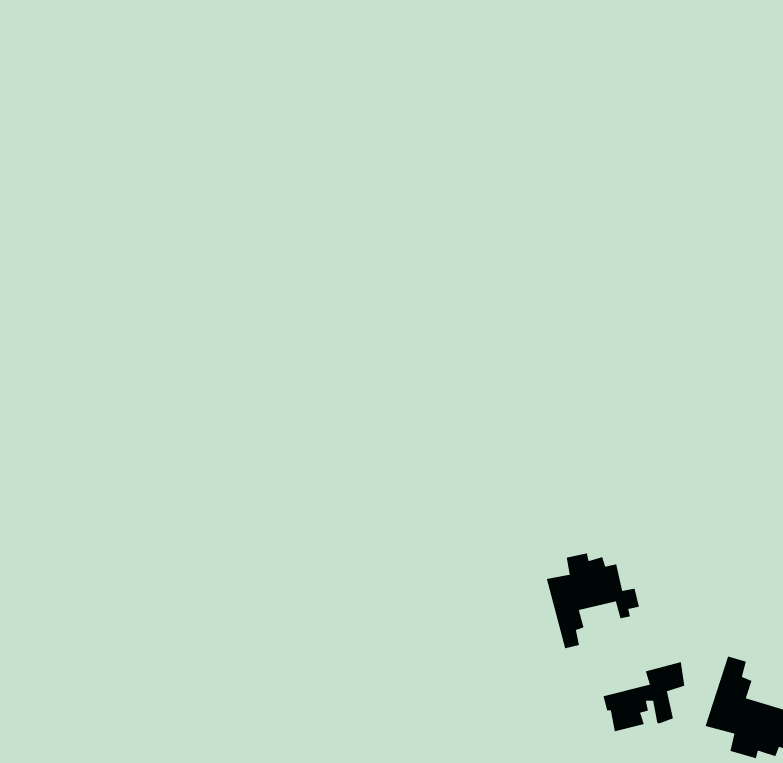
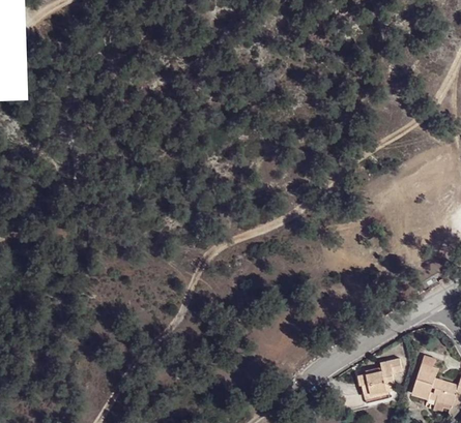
building: [546,552,640,649] -> none

